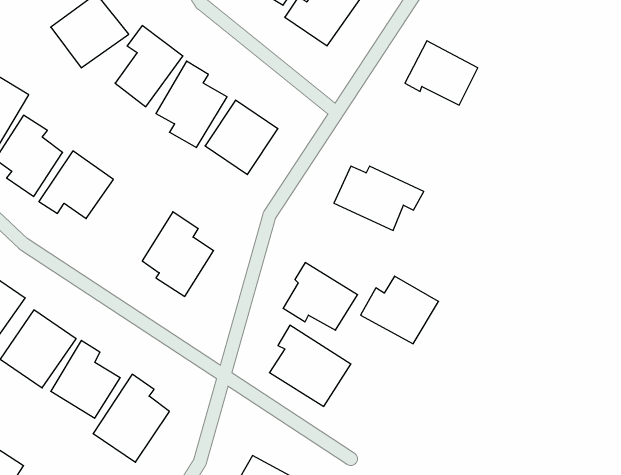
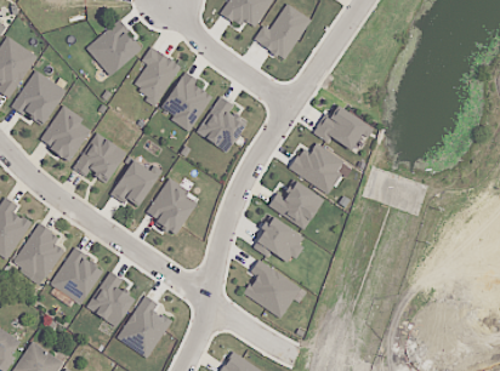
building: [405,41,478,105] -> [316,104,368,150]
building: none -> [117,164,165,212]
building: [361,276,439,344] -> [267,179,323,228]

